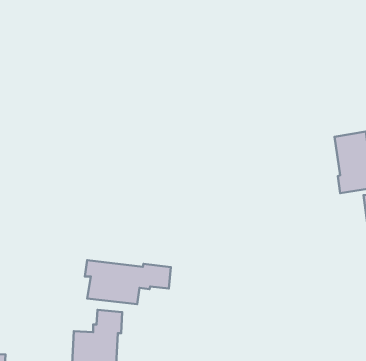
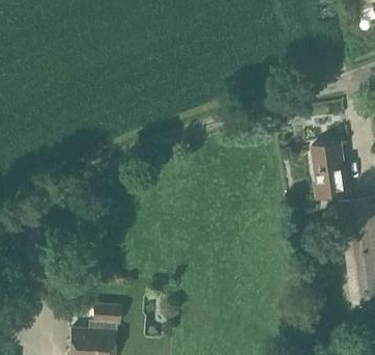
building: [85,260,171,304] -> none

